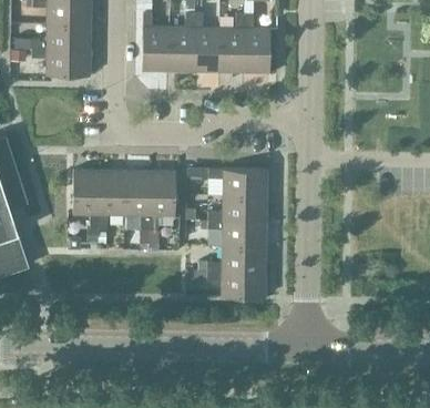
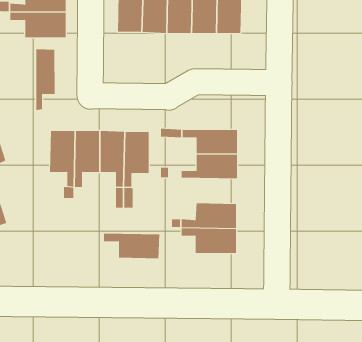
building: none -> [36,49,55,111]
building: [207,220,266,246] -> [103,233,160,259]

